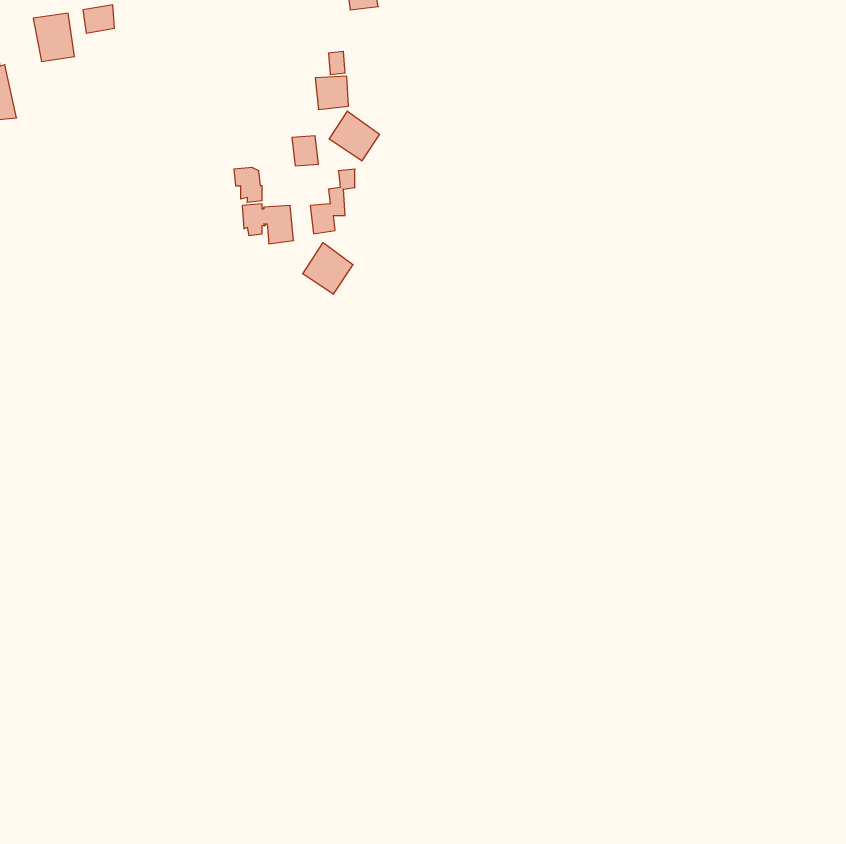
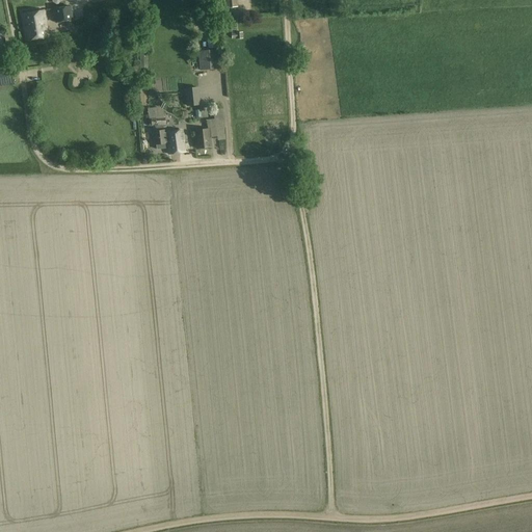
building: [329,111,379,161] -> none
building: [303,243,353,294] -> none

